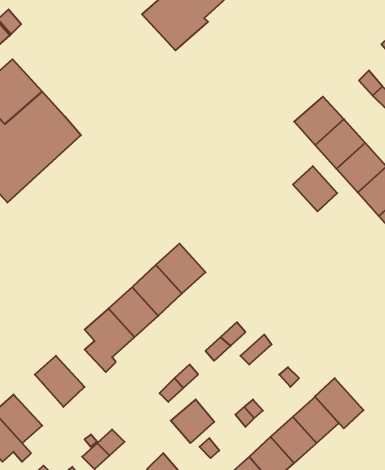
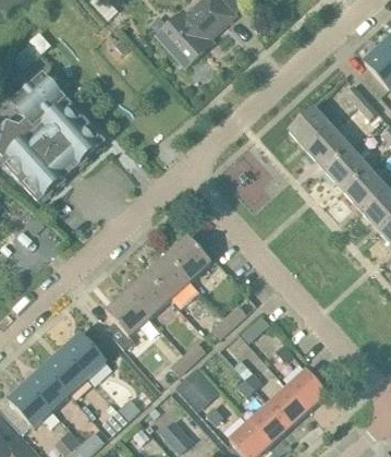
building: [293,166,337,211] -> none
building: none -> [44,350,87,395]
building: [315,378,364,428] -> none

